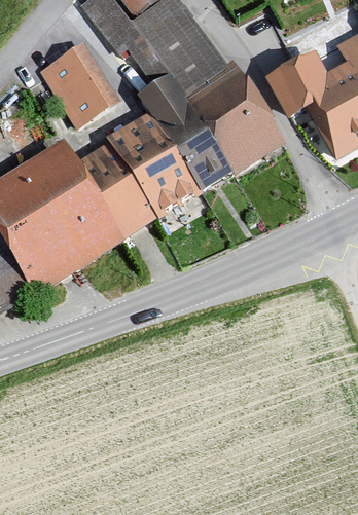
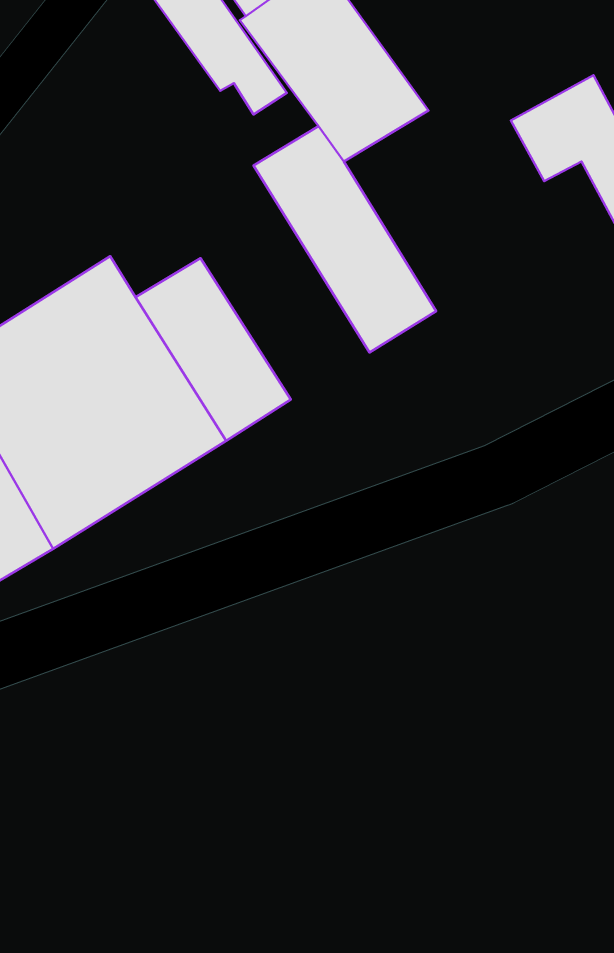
building: [40,42,119,123] -> none
building: [185,64,286,176] -> none
building: [107,112,199,218] -> none

